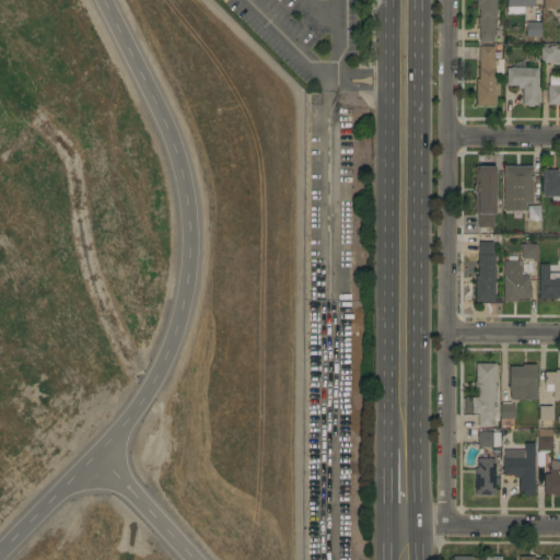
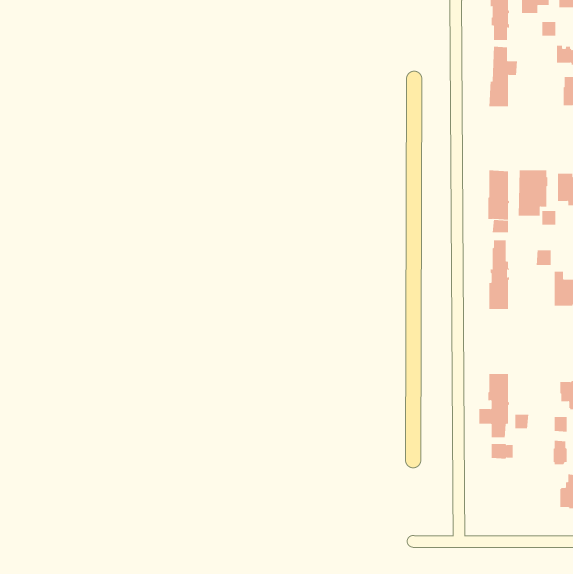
building: [509,67,539,105] -> none
building: [504,260,534,301] -> none
building: [510,363,538,399] -> none
building: [503,442,536,494] -> none
building: [477,457,498,494] -> none

